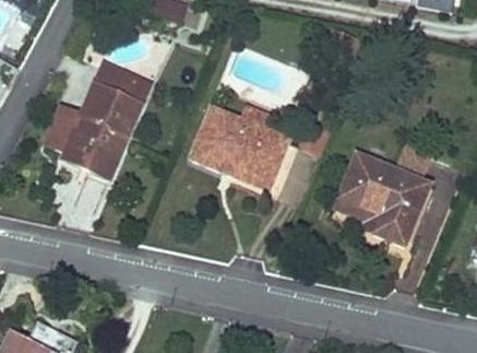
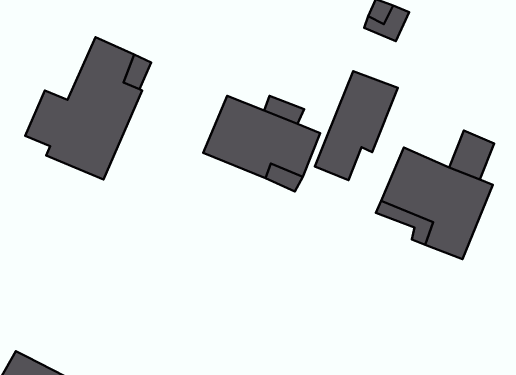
building: none -> [315,71,398,180]

